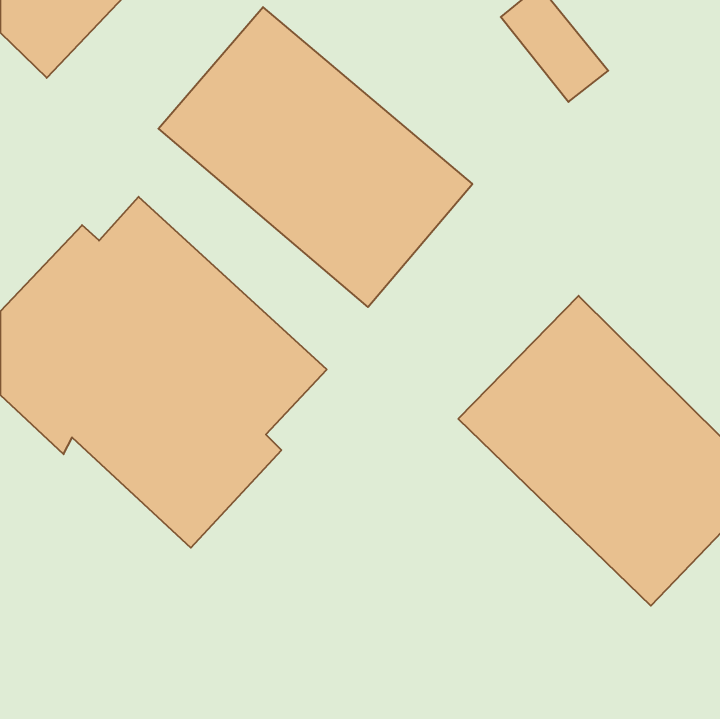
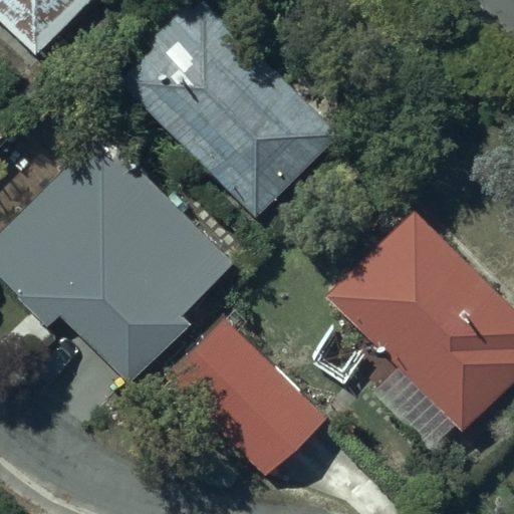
building: none -> [169,322,324,473]

